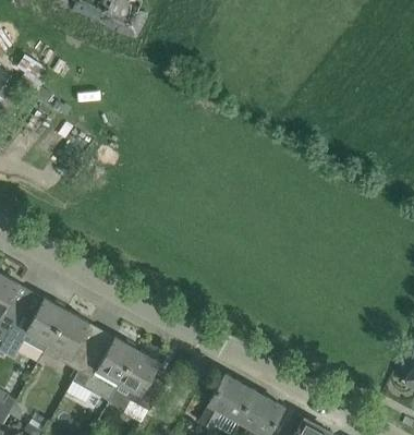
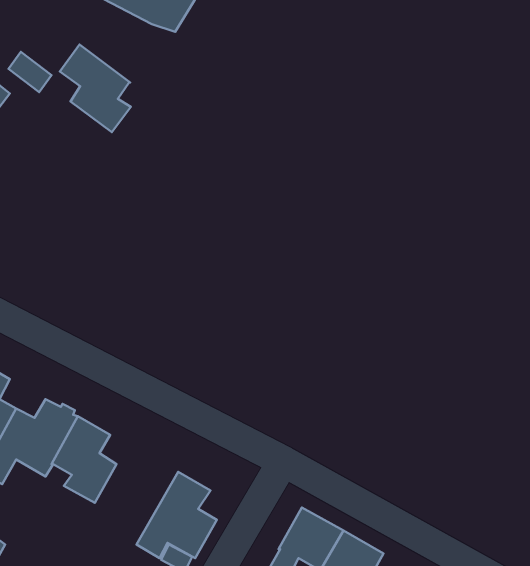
building: none -> [60,44,131,132]
building: [78,337,137,401] -> none

